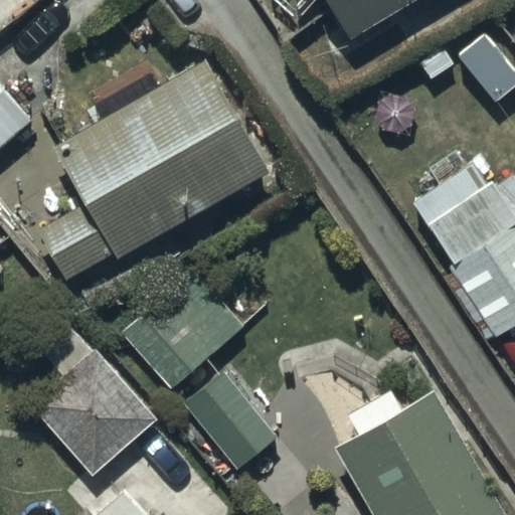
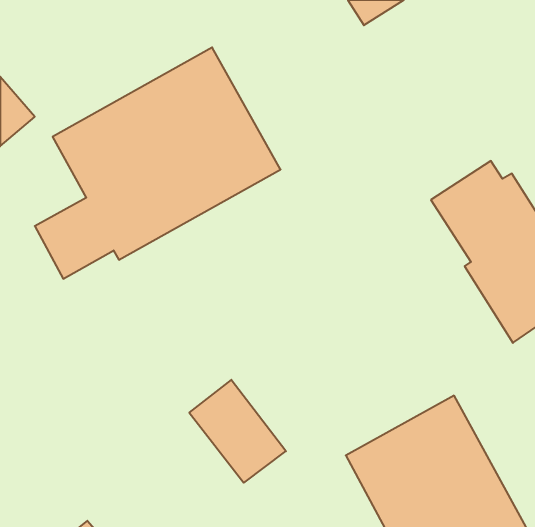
building: [121,270,245,393] -> none
building: [22,346,162,479] -> none

